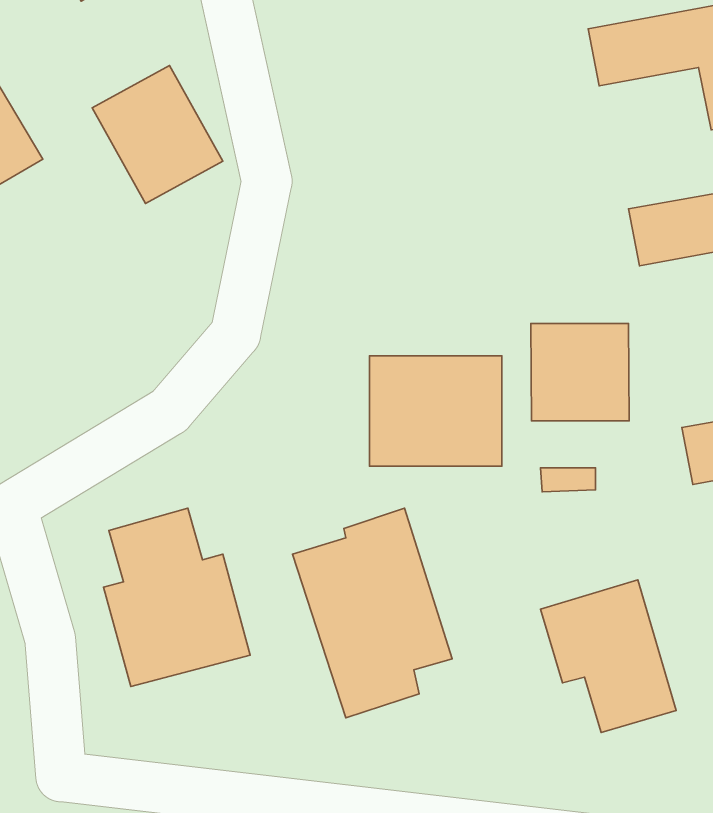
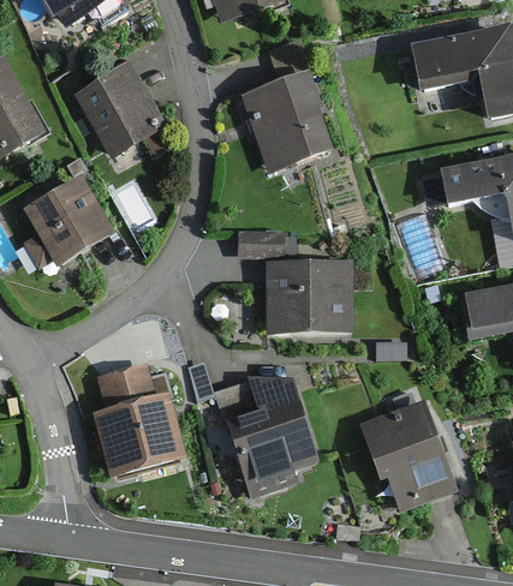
building: none -> [243,73,321,162]
building: none -> [31,186,115,274]
building: [531,323,629,421] -> none

